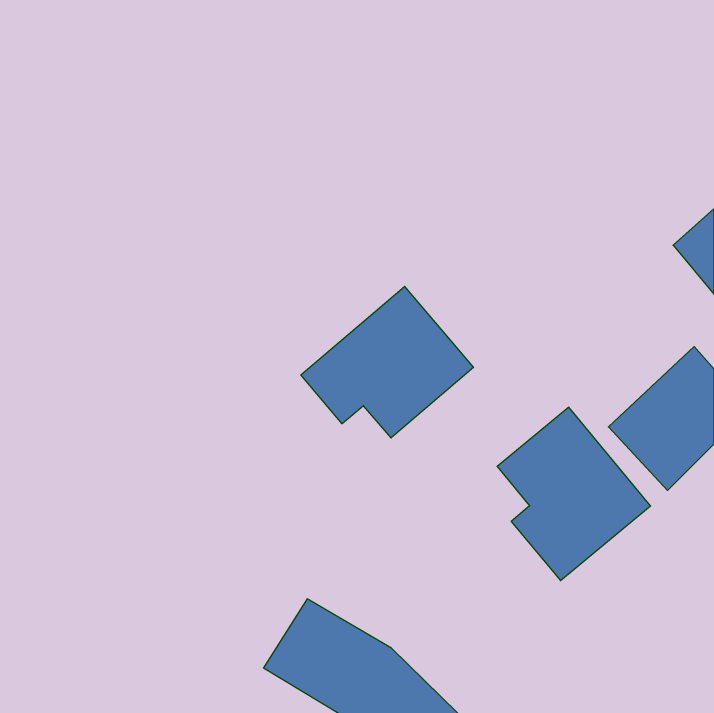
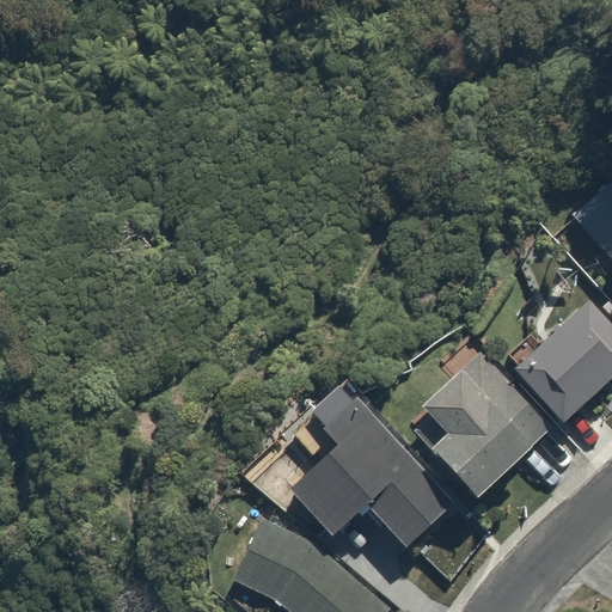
building: [301,286,473,438] -> none
building: none -> [284,393,457,553]

